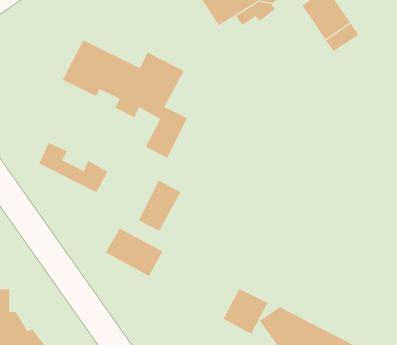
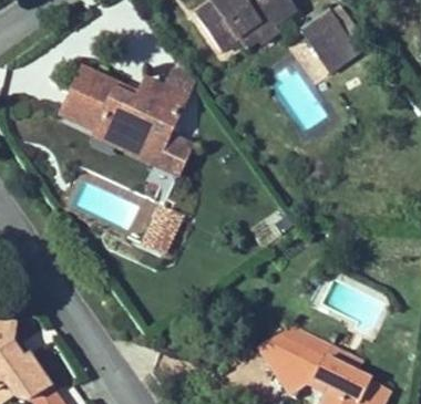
building: [38,142,108,193] -> [93,114,162,164]
building: [105,228,163,277] -> none
building: [223,288,268,335] -> none

